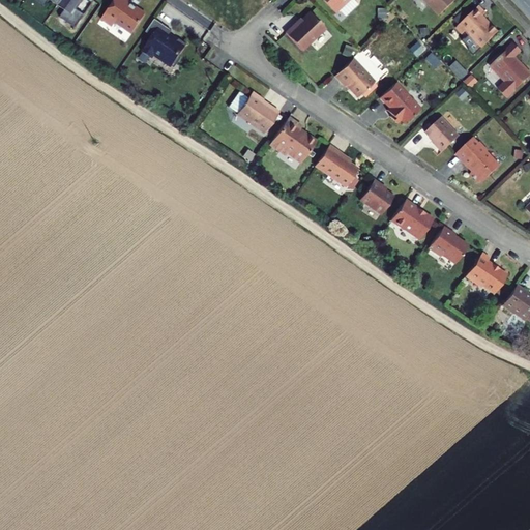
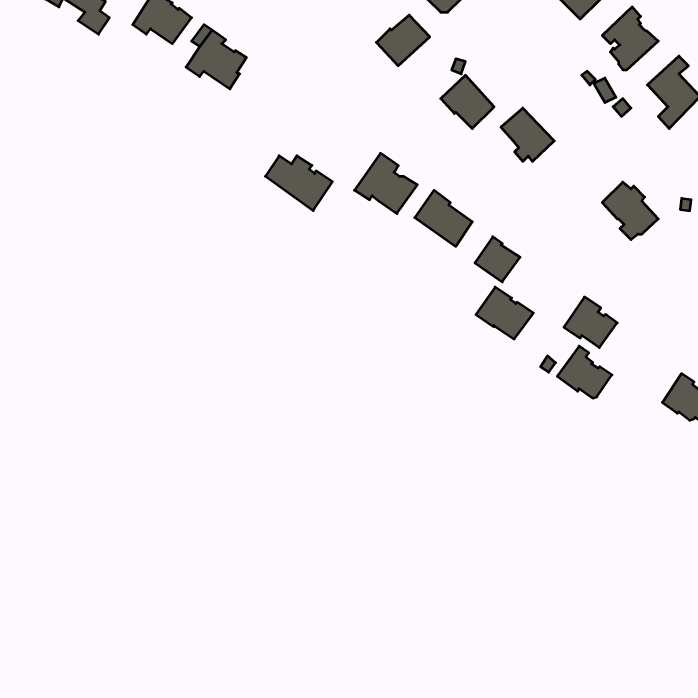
building: [229,91,279,132] -> [265,156,332,211]
building: [425,116,460,151] -> none
building: [390,199,434,238] -> [476,287,533,339]
building: [466,252,507,291] -> [557,346,612,398]

